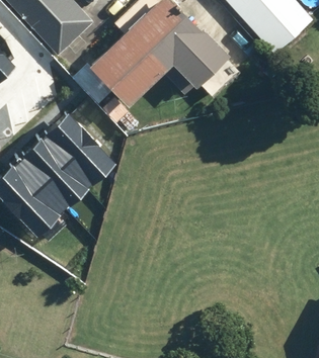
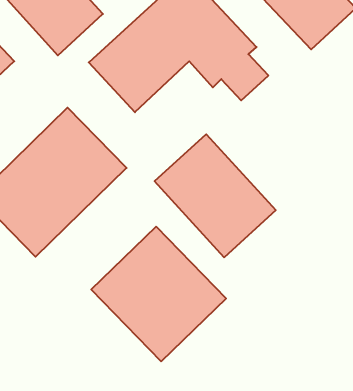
building: none -> [155,134,276,257]
building: none -> [91,227,226,361]

